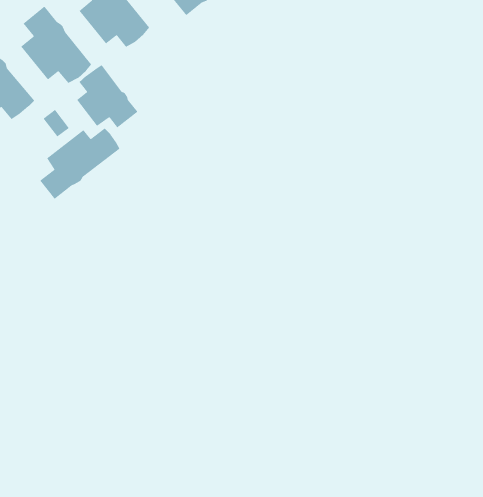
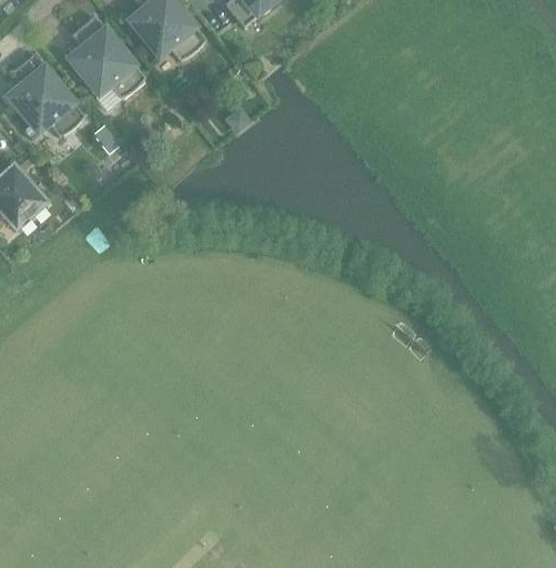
building: [76,64,139,129] -> none
building: [39,127,121,200] -> none

